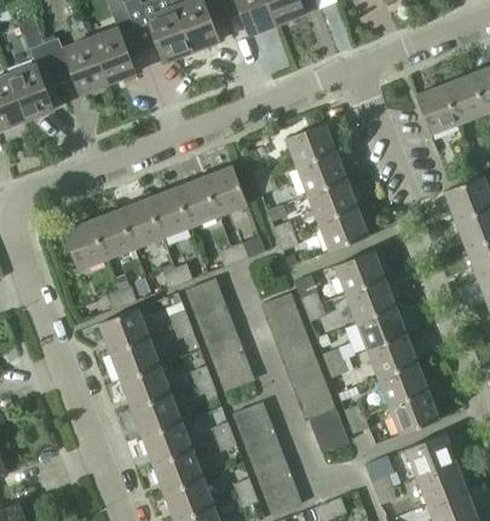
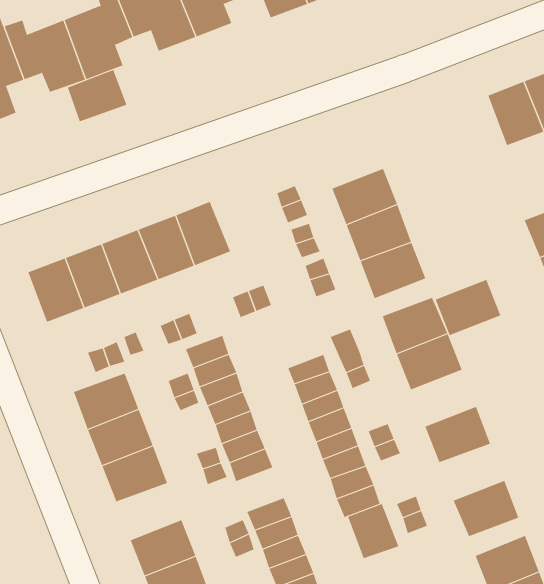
building: none -> [67,69,127,122]
building: [286,122,336,167] -> none
building: [203,166,248,216] -> none
building: [357,307,408,350] -> [435,279,501,336]
building: [379,363,430,407] -> none
building: [131,394,181,437] -> none

